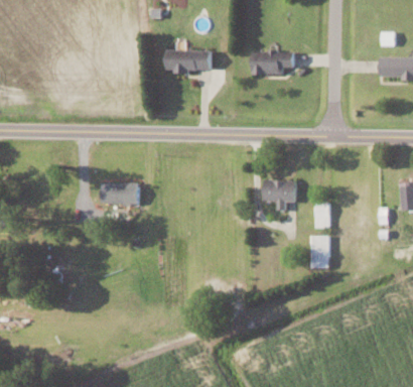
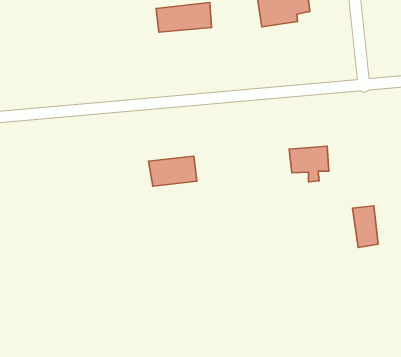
building: [101,183,139,205] -> [149,156,197,186]
building: [315,203,329,229] -> none

